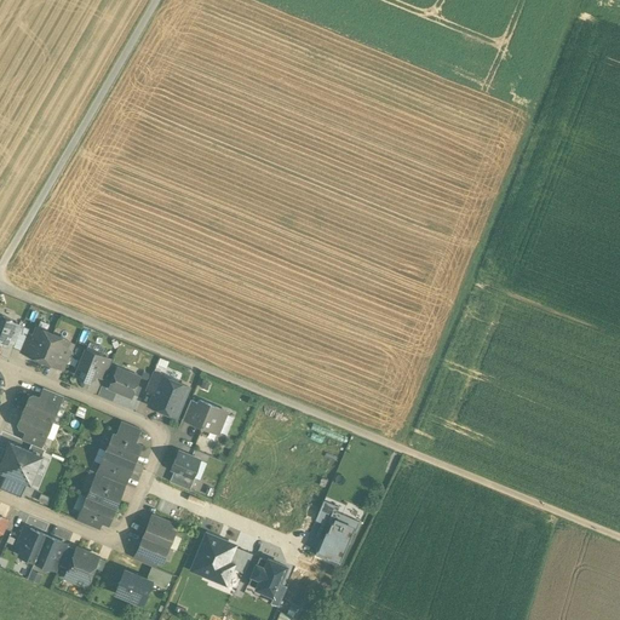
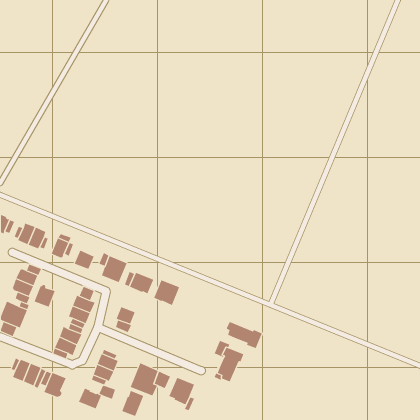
building: none -> [153,279,180,306]
building: none -> [34,284,56,307]
building: none -> [226,321,263,349]
building: none -> [122,390,144,417]

